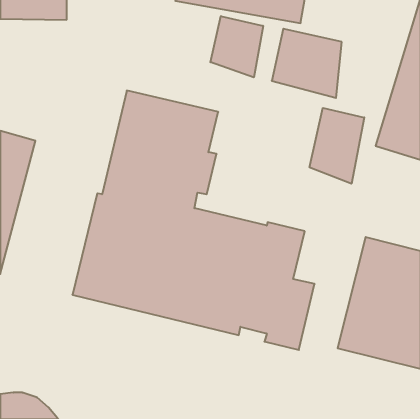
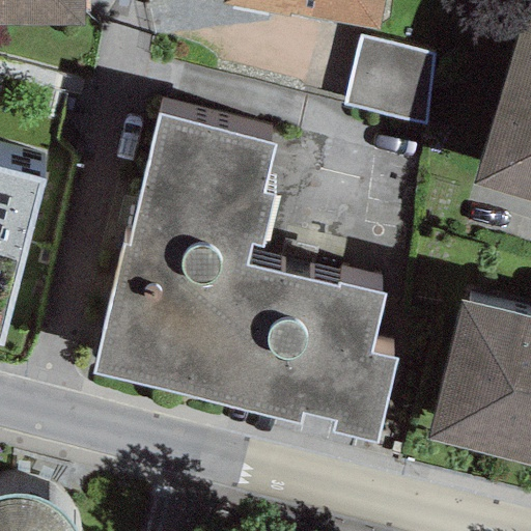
building: [210,16,263,77] -> none
building: [310,108,364,184] -> none

